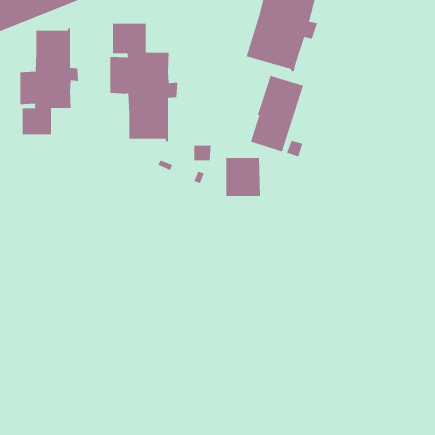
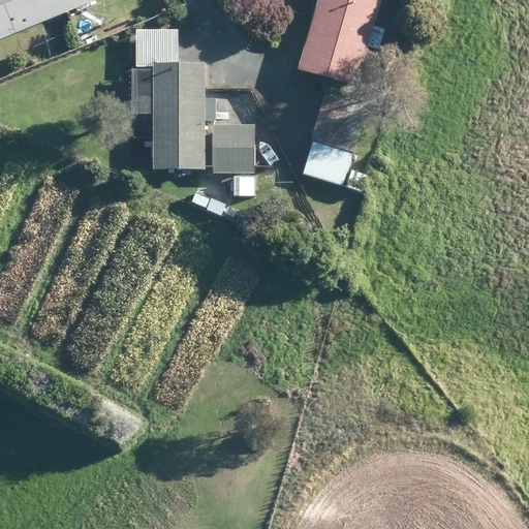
building: [20,27,79,135] -> none
building: [226,157,261,197] -> [213,124,255,172]

